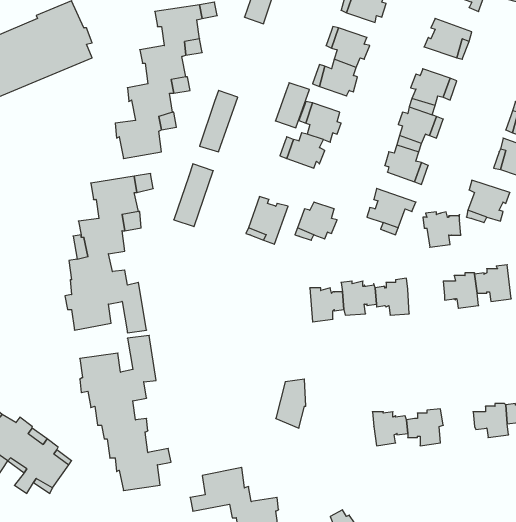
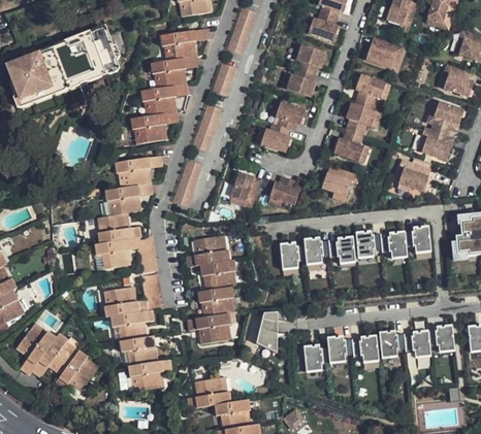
building: [275,83,309,128] -> [215,49,241,84]
building: [423,212,461,247] -> [353,230,382,257]
building: none -> [188,237,237,346]
building: none -> [379,330,405,356]
building: none -> [304,343,330,370]

